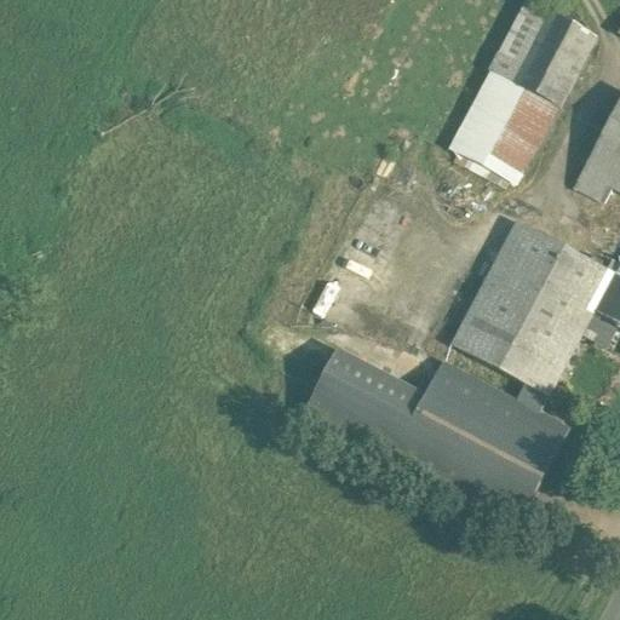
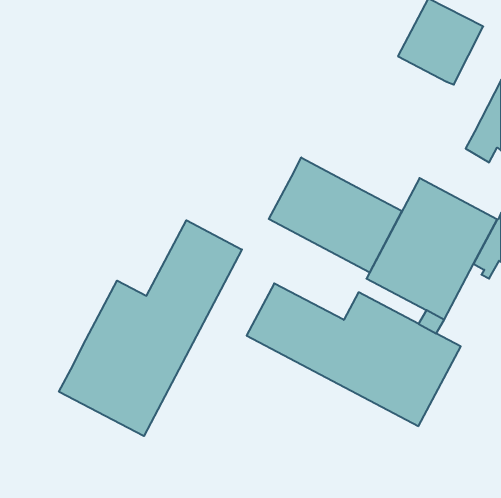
building: [450,69,551,178] -> none
building: none -> [269,157,402,273]
building: none -> [59,220,242,436]

